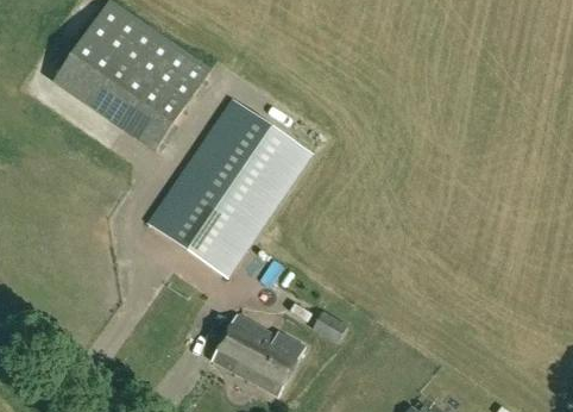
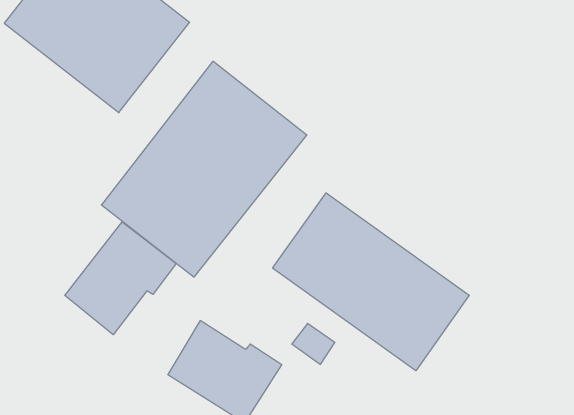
building: none -> [273,193,469,371]
building: none -> [65,222,176,335]

